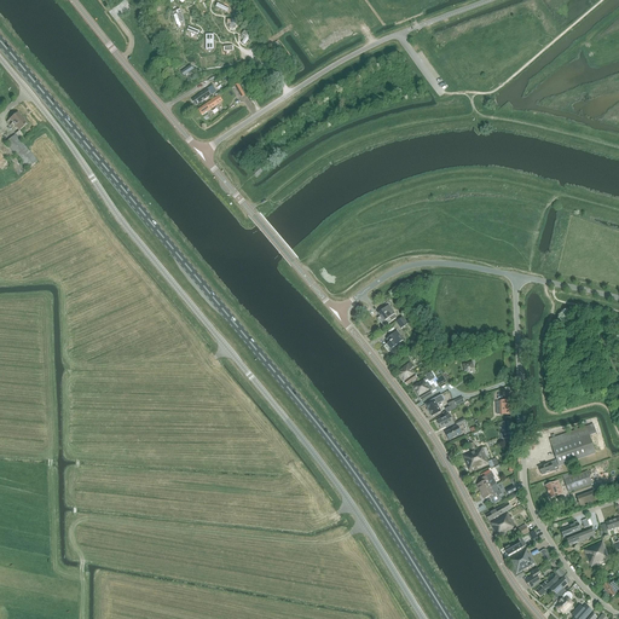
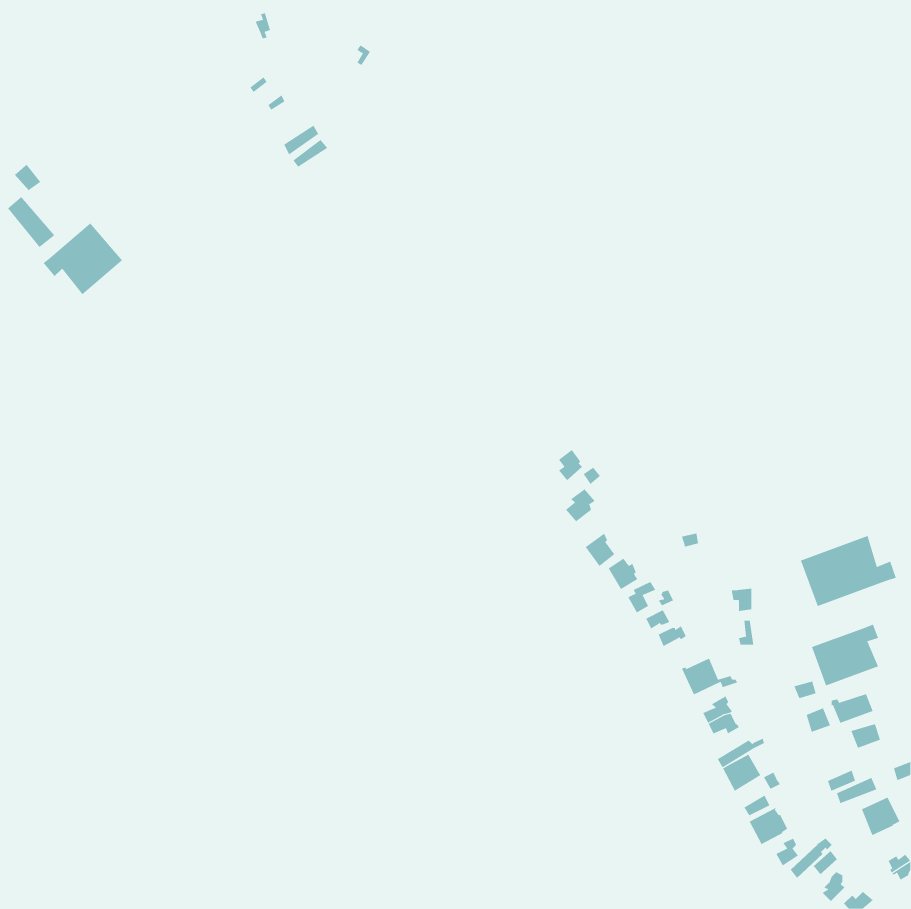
building: none -> [43,222,123,295]
building: none -> [800,535,897,607]

